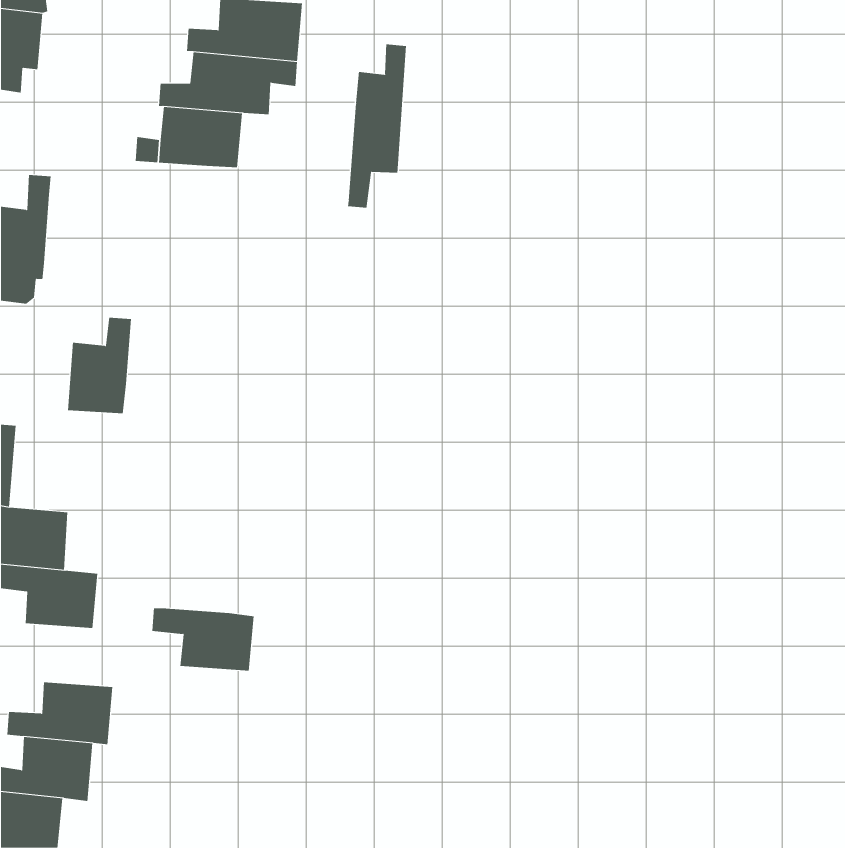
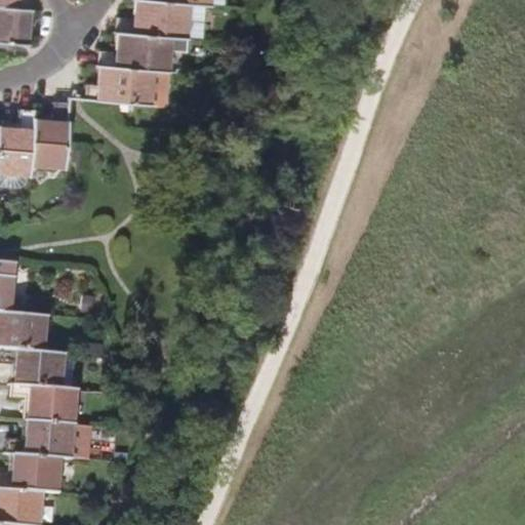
building: [348,44,406,209] -> none
building: [67,317,132,414] -> [31,105,71,164]
building: [151,608,255,671] -> [12,385,76,423]

